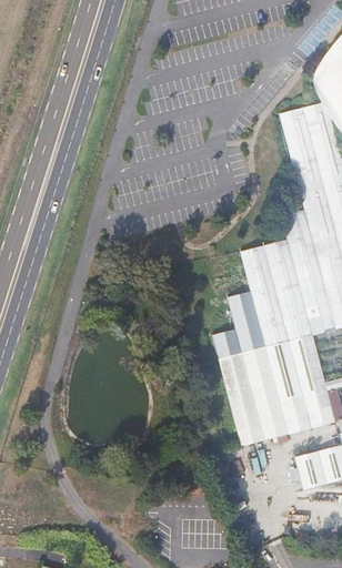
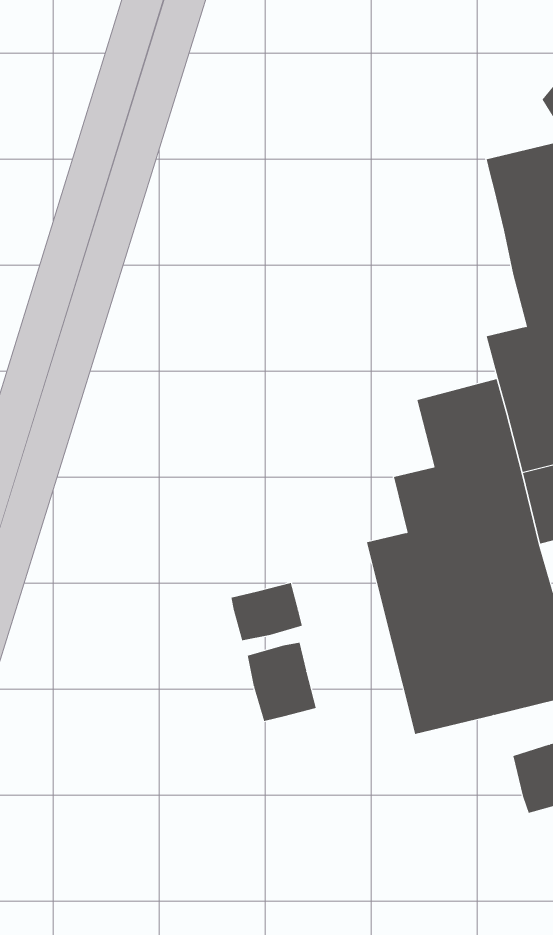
building: none -> [231,582,302,641]
building: none -> [247,642,316,722]

